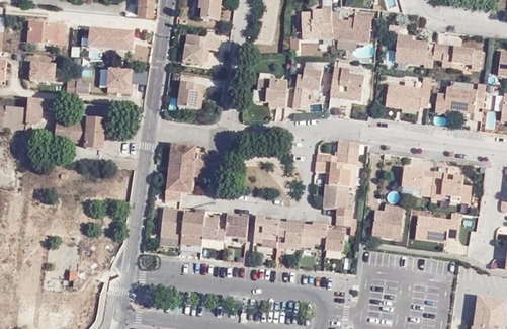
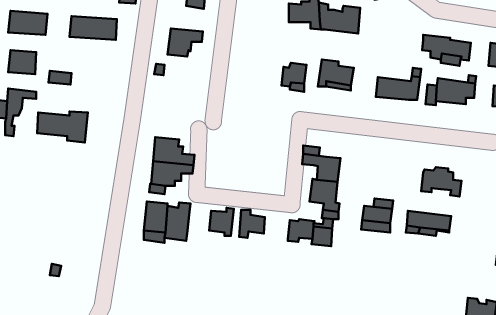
building: [395,38,433,67] -> none
building: [107,69,132,91] -> none
building: [259,73,290,105] -> none
building: [178,82,205,108] -> none
building: [338,141,359,165] -> none
building: [404,169,433,196] -> none
building: [202,215,226,239] -> none
building: [276,222,303,247] -> none

